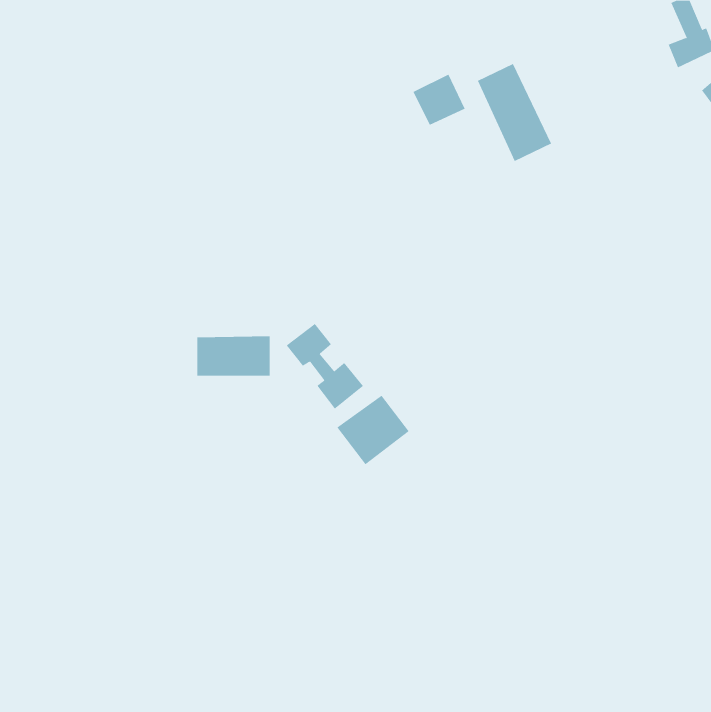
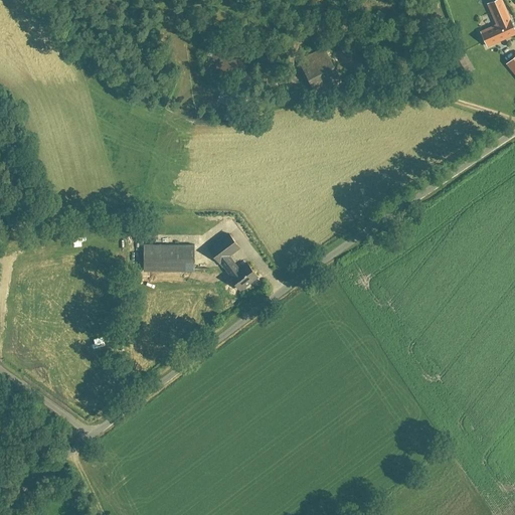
building: [477,63,552,162] -> none
building: [336,395,409,465] -> none

